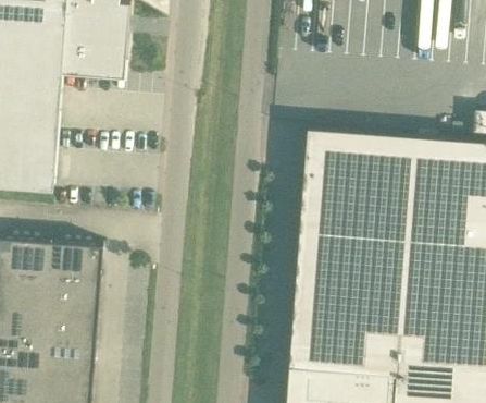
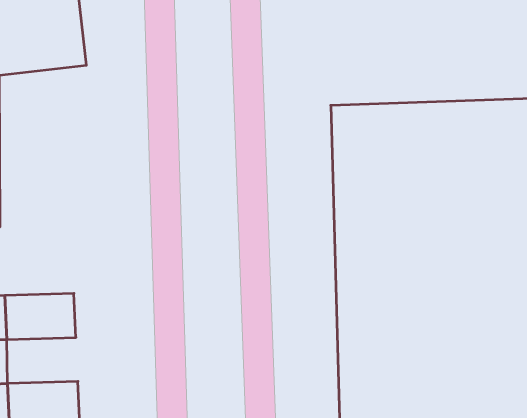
building: [47,274,101,312] -> none

